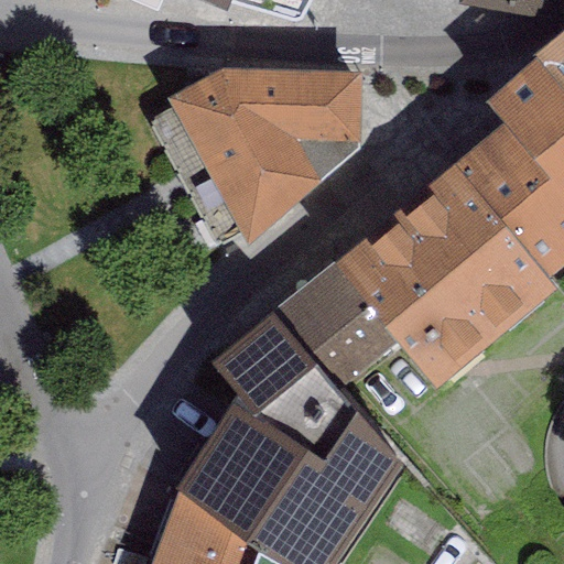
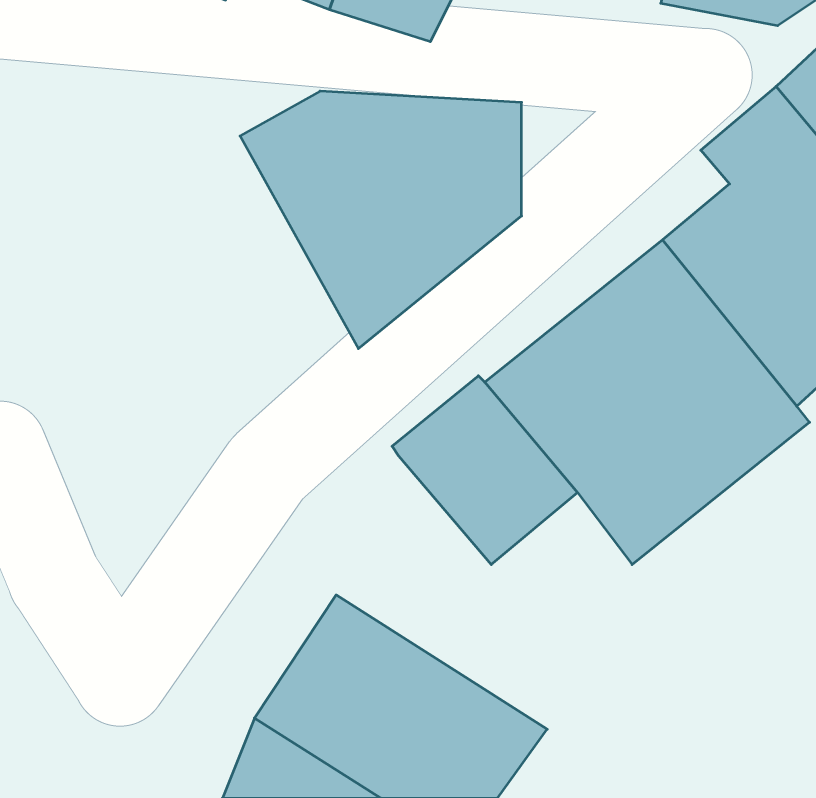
building: [212,314,401,502] -> none

